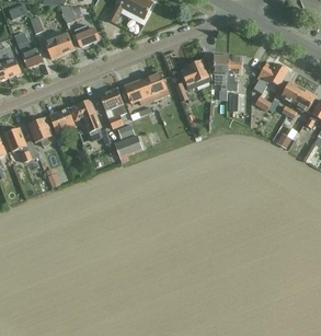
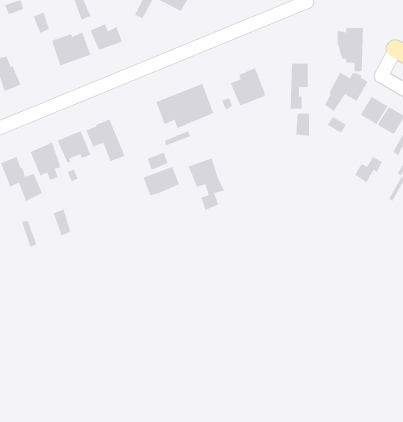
building: [14,32,43,68] -> none
building: [207,56,228,90] -> [337,28,364,72]
building: [99,88,127,128] -> [188,158,225,211]

